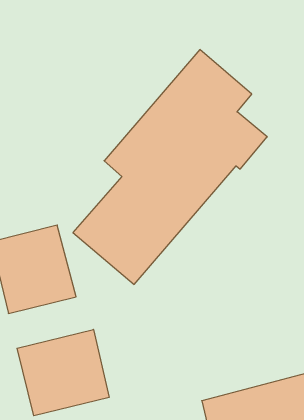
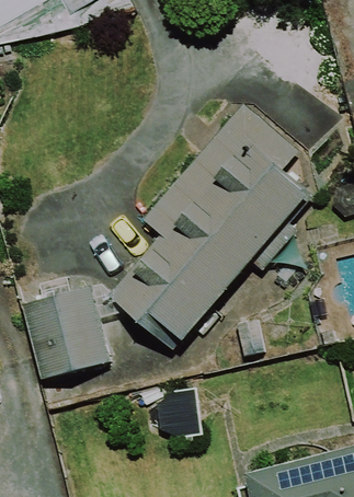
building: [17,329,109,416] -> none

